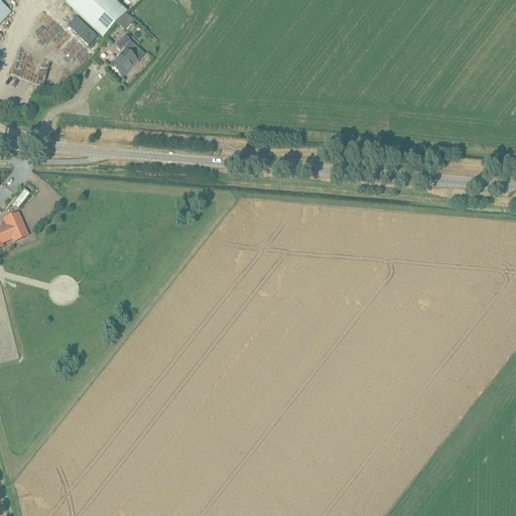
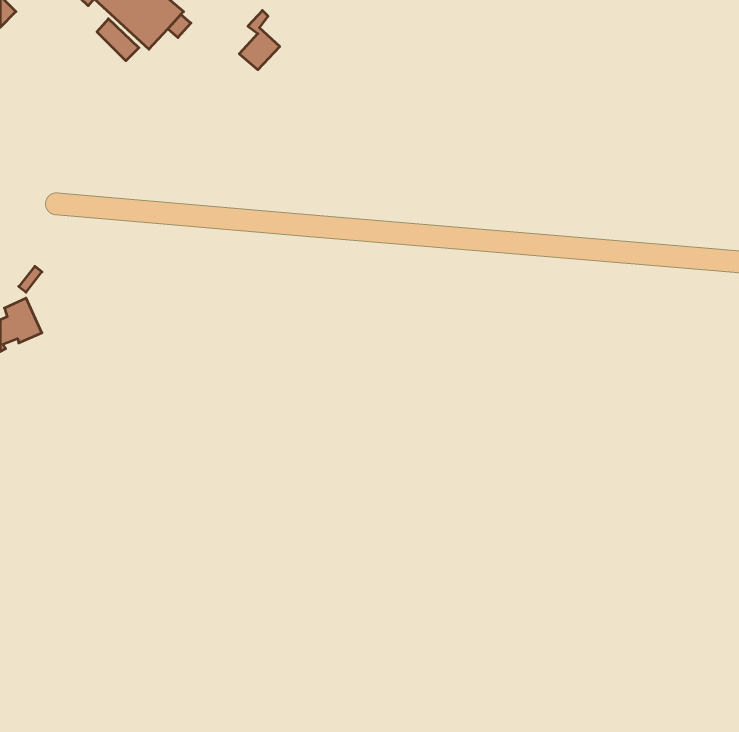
building: [109,32,137,74] -> [239,10,280,70]

